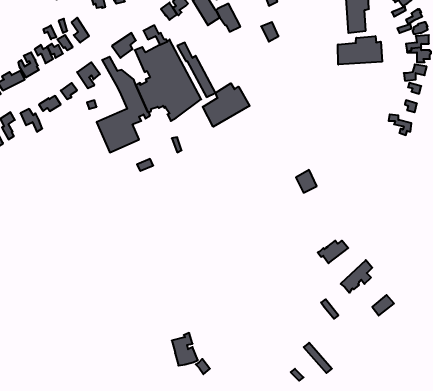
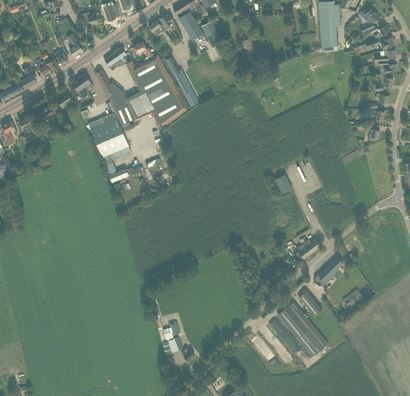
building: [338,36,382,65] -> none
building: [203,83,250,127] -> none
building: none -> [276,301,327,356]

